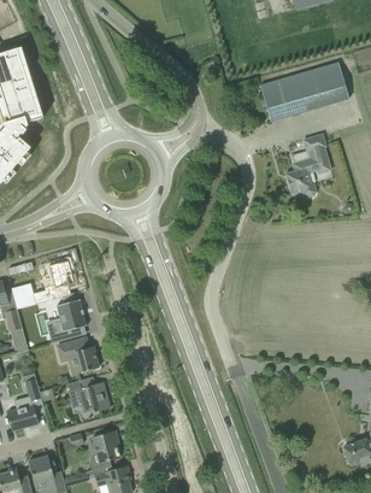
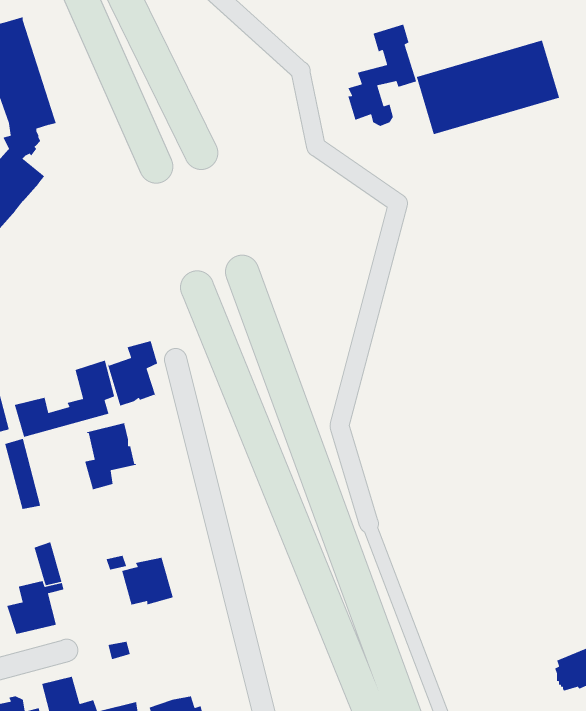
building: [287,133,330,196] -> [347,23,417,127]
building: none -> [107,340,158,407]
building: [57,336,99,371] -> none
building: [89,429,119,469] -> none

